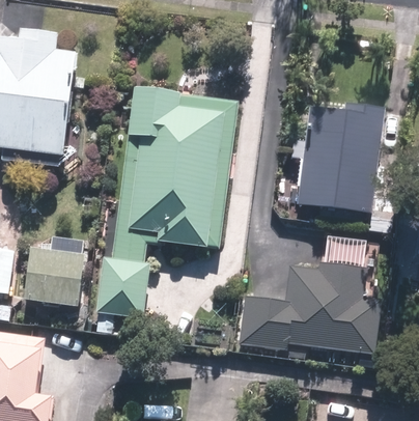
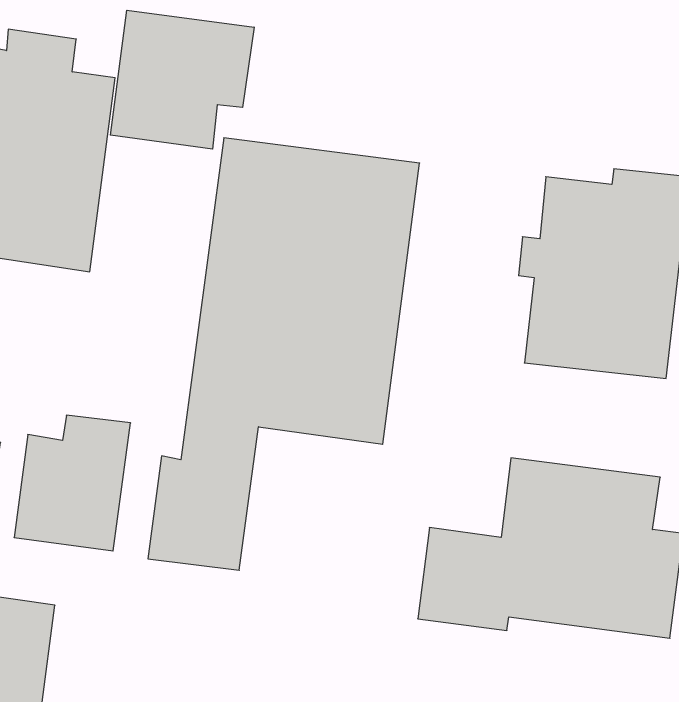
building: none -> [110,10,254,149]

